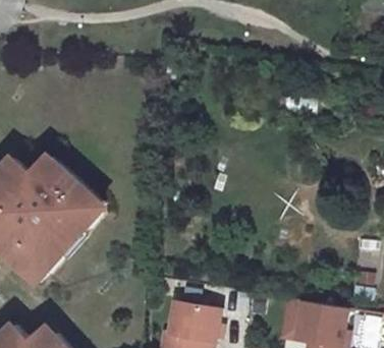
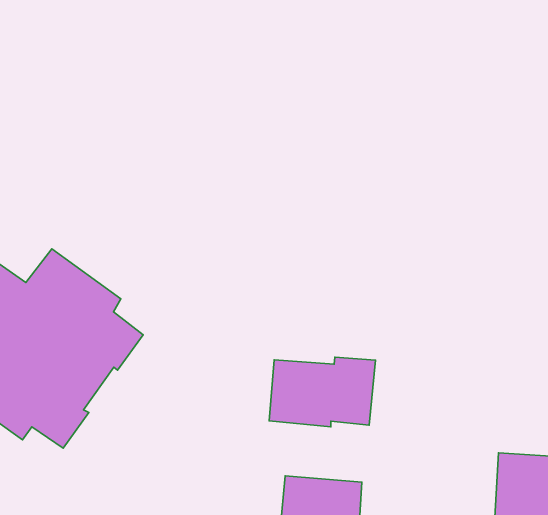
building: none -> [269,357,375,427]

